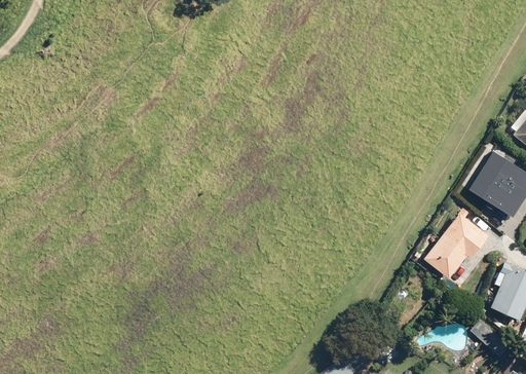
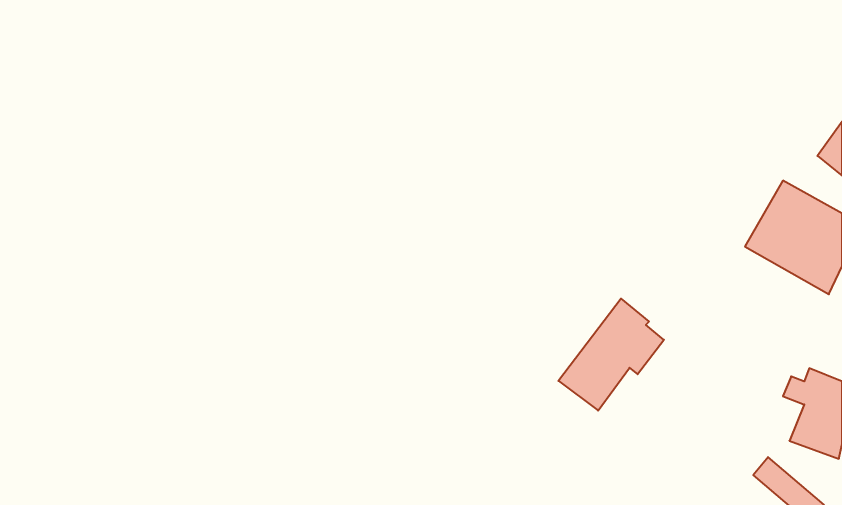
building: [425,208,491,277] -> [558,299,664,411]

